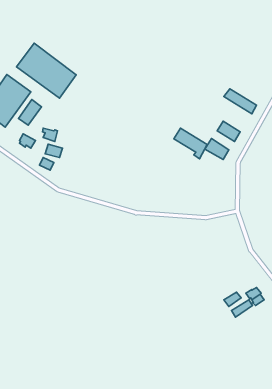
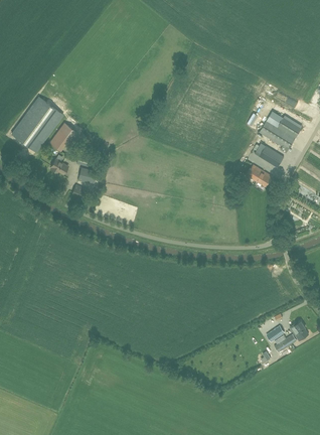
building: [17,43,76,98] -> none
building: [174,128,207,159] -> [259,120,294,152]

